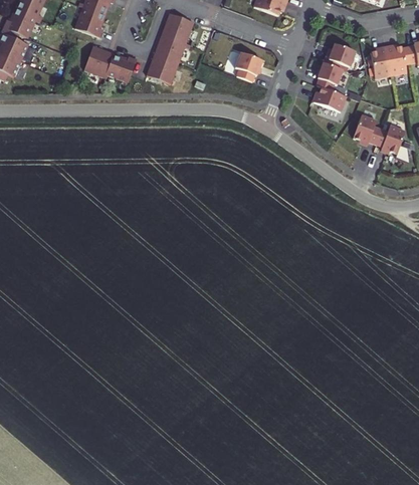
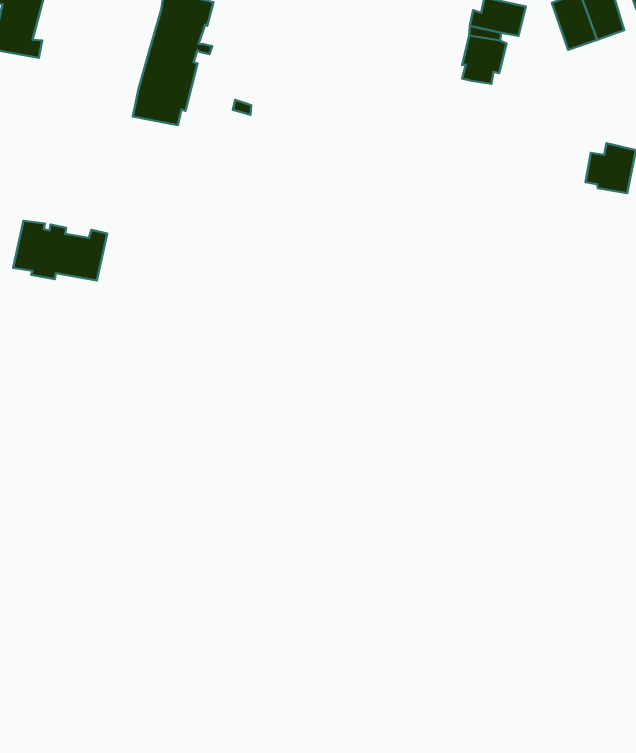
building: [81,48,134,85] -> [13,221,107,281]
building: [239,49,266,78] -> none
building: [317,84,351,108] -> none
building: [355,117,383,147] -> none

